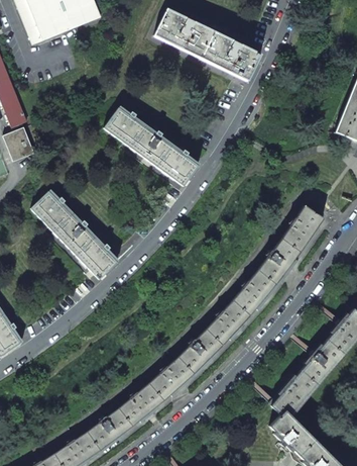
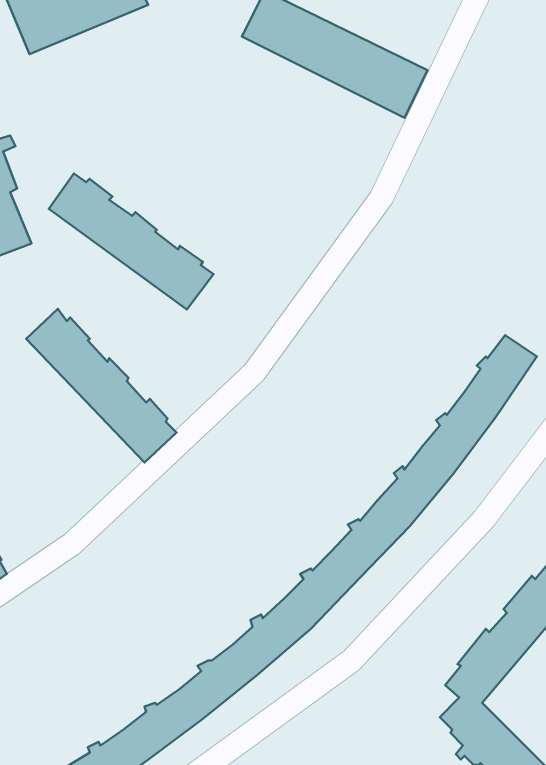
building: [104,107,198,185] -> [49,173,213,309]

